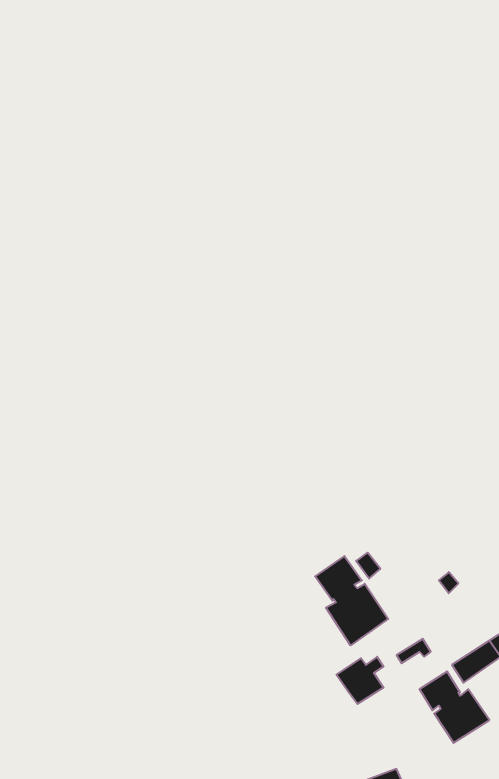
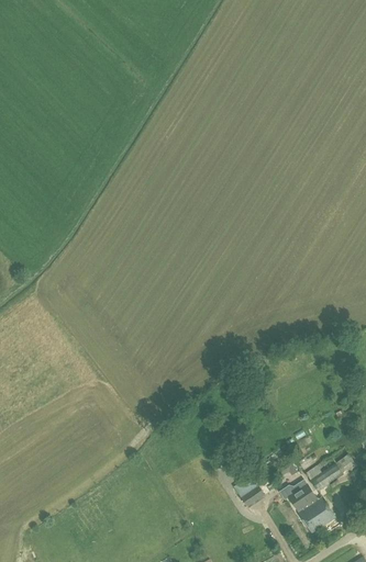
building: [315,556,388,645] -> none

